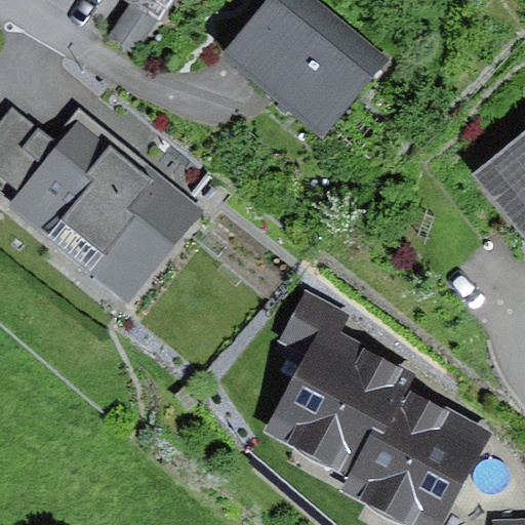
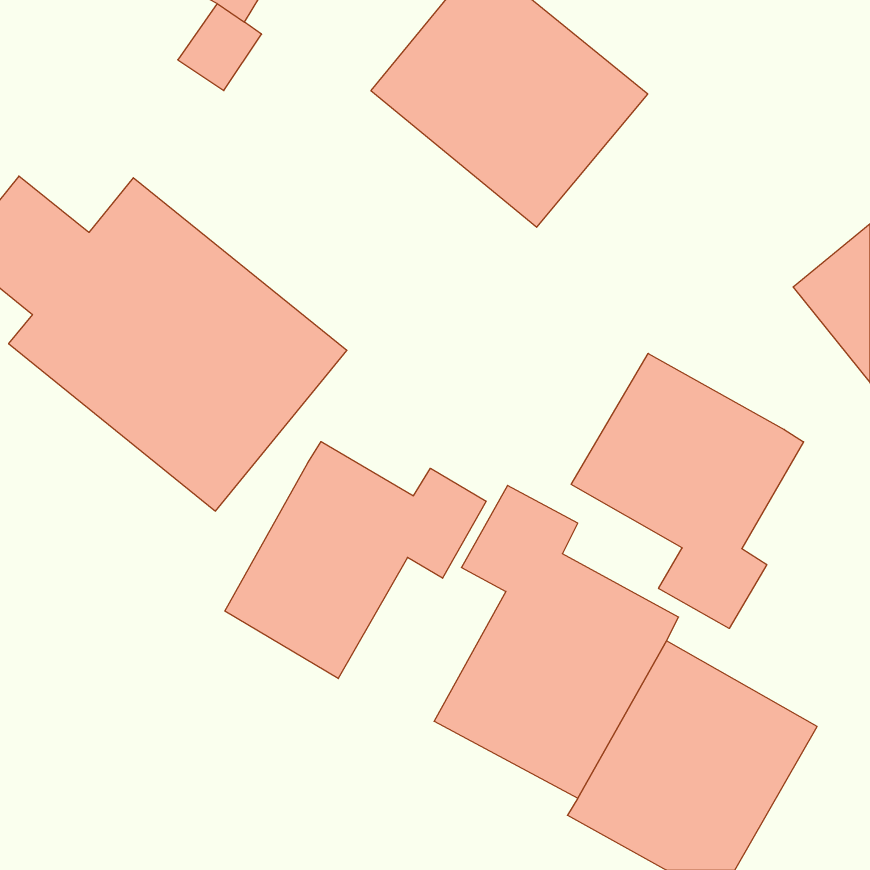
building: none -> [571,353,804,628]
building: none -> [225,442,486,679]

